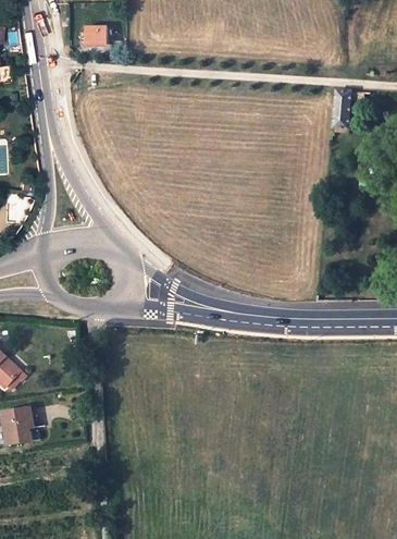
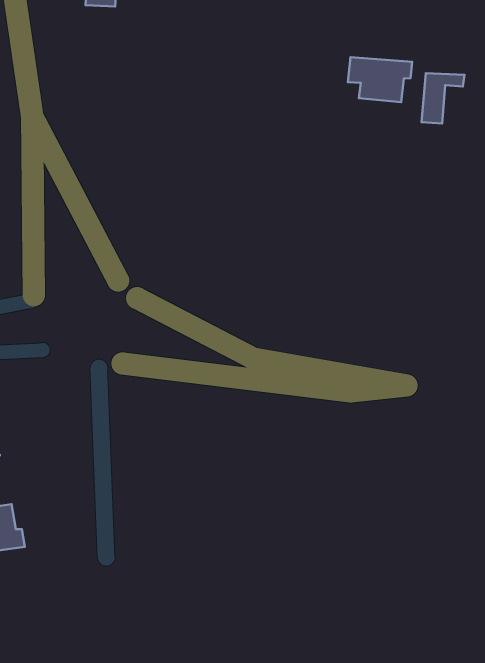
building: none -> [348,57,412,102]

